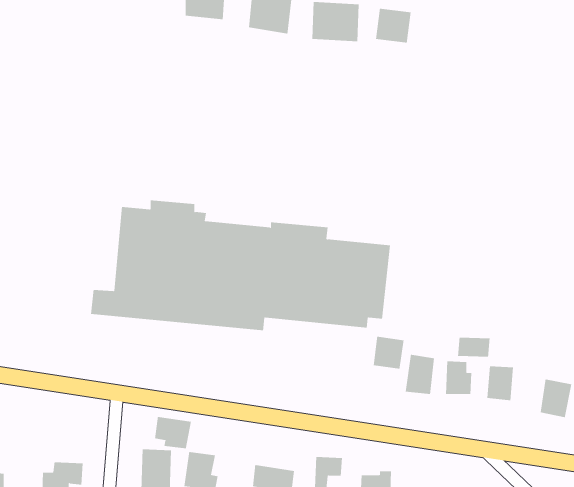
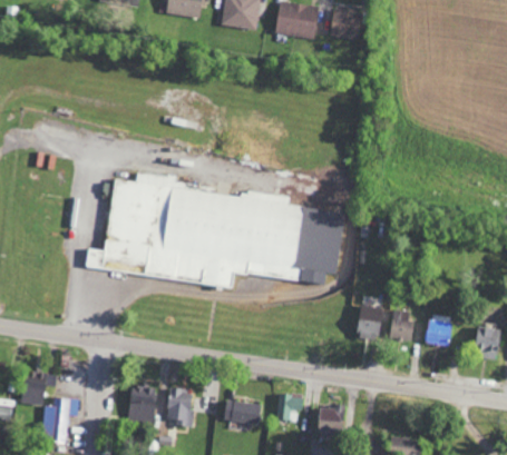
building: [373,336,404,369] -> none
building: [458,337,490,358] -> none
building: [155,416,191,449] -> none
building: none -> [22,372,57,404]

